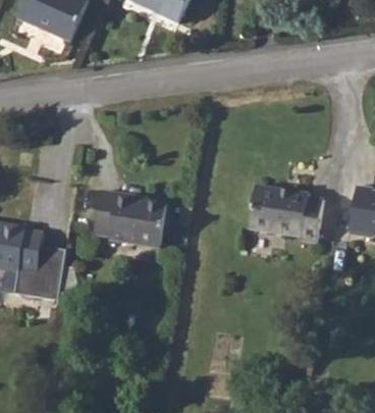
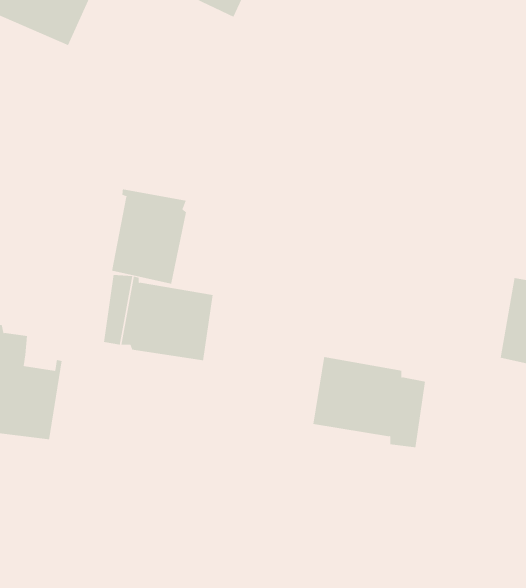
building: none -> [112,189,187,285]
building: [251,183,324,242] -> [312,356,426,448]

